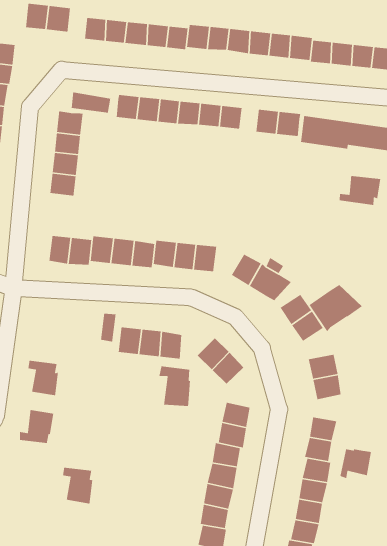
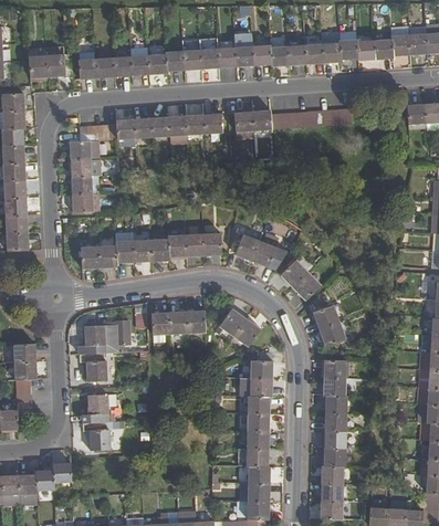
building: [339,175,381,206] -> none
building: [309,284,363,332] -> none
building: none -> [79,320,129,354]
building: [159,366,191,407] -> none
building: [340,448,372,479] -> none
building: [62,467,93,504] -> [83,421,111,450]

